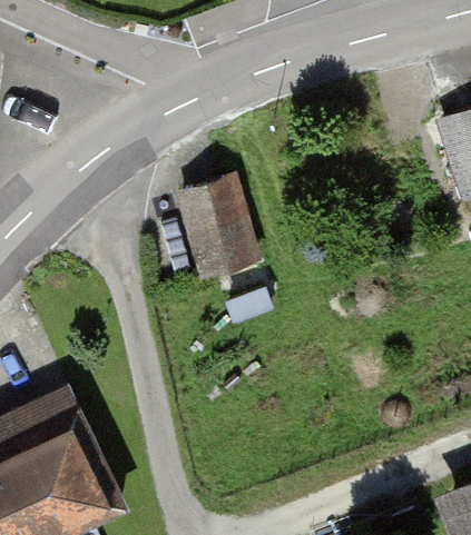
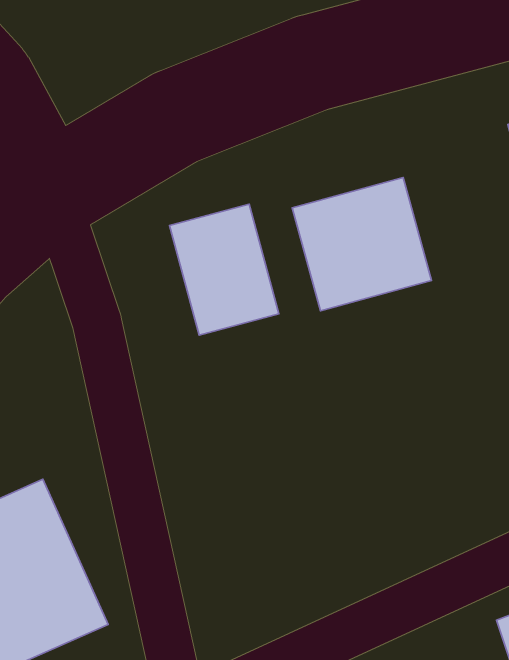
building: none -> [292,178,432,311]

